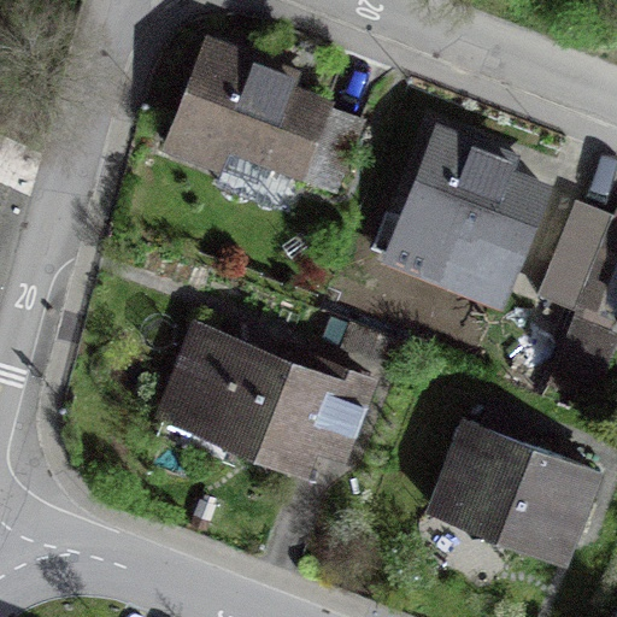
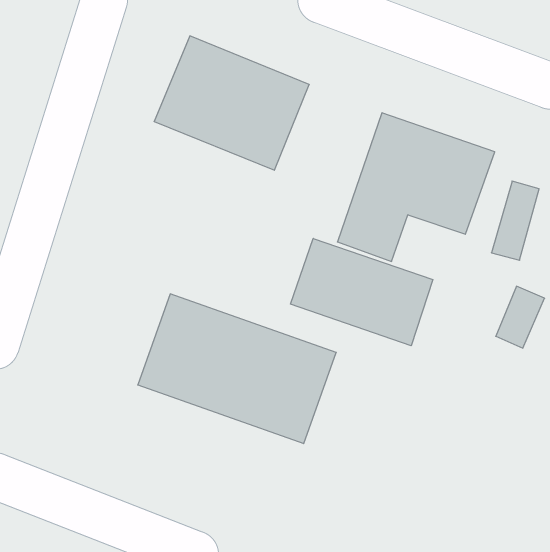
building: none -> [290,238,433,346]
building: [428,421,605,565] -> none

